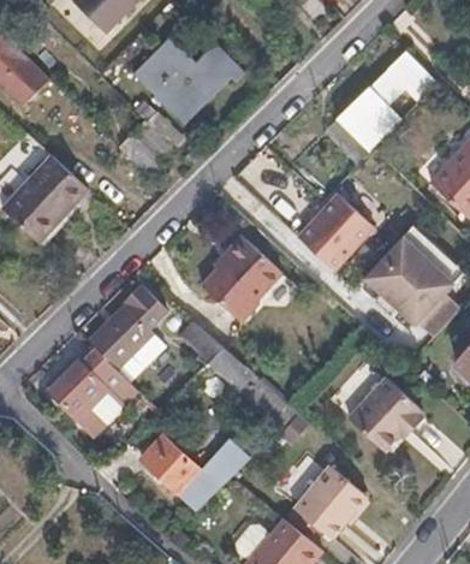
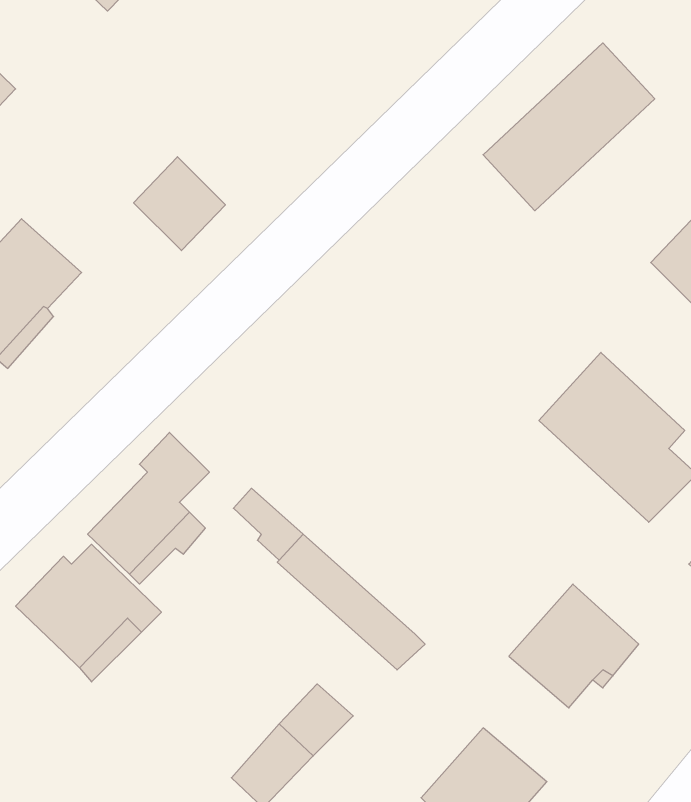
building: [133,37,244,124] -> none
building: [297,194,374,271] -> none
building: [197,230,278,319] -> none
building: [142,435,200,493] -> none

